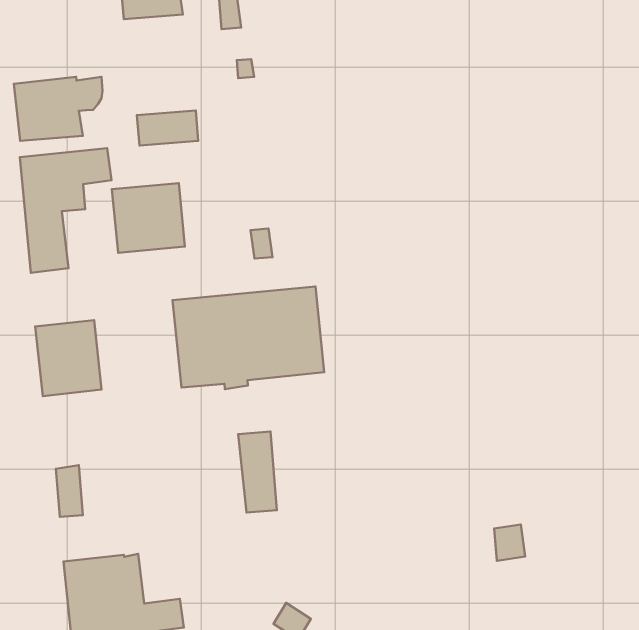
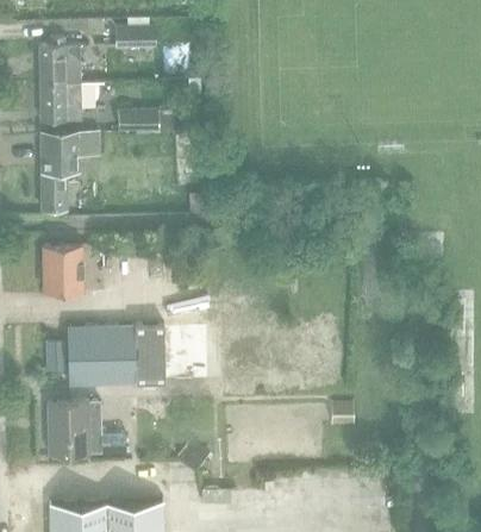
building: none -> [38,39,81,86]
building: [112,183,185,253] -> none
building: [173,287,324,389] -> [67,326,163,389]

